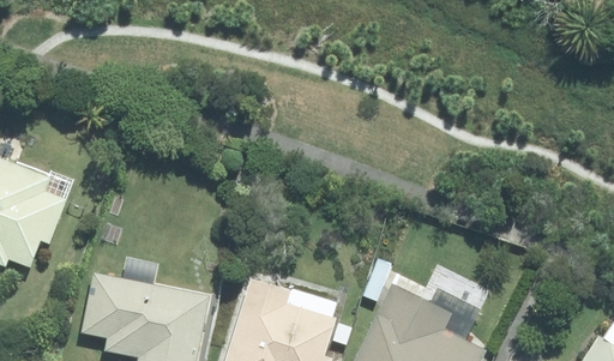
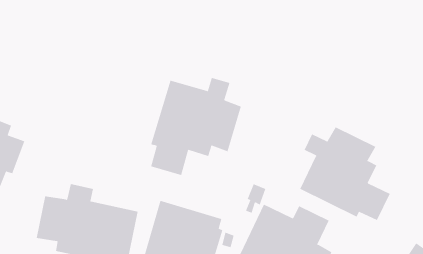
building: none -> [150,77,242,176]
building: none -> [300,126,391,221]

